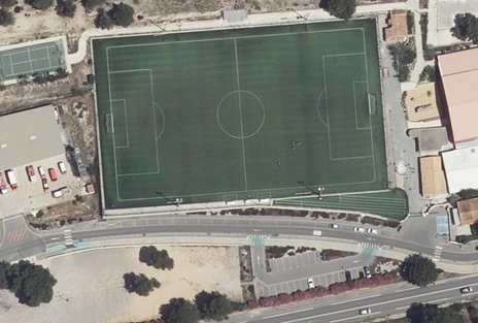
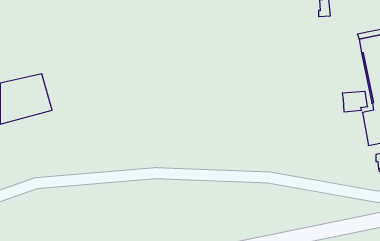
building: [421,156,445,193] -> none

